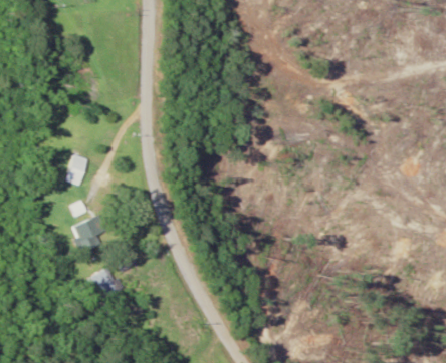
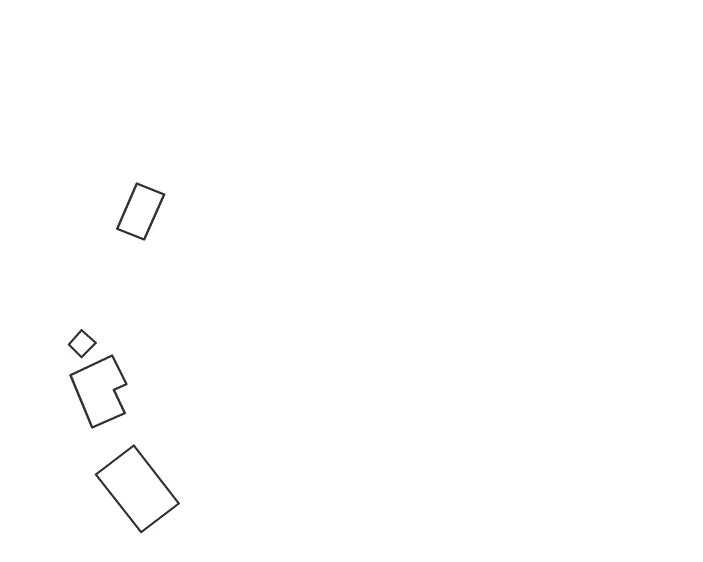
building: [63,153,89,185] -> [117,184,164,240]

